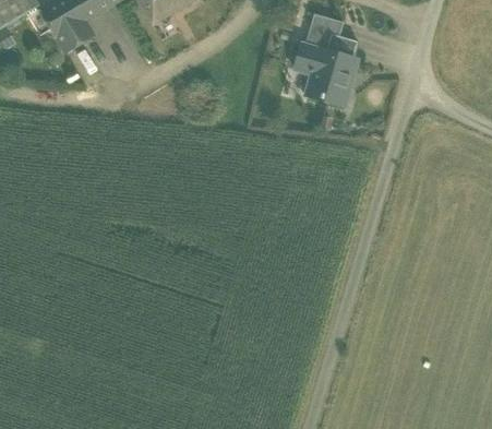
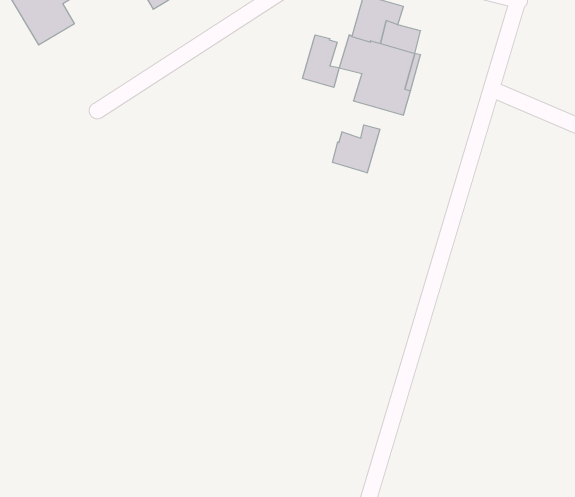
building: none -> [302,35,339,87]
building: none -> [332,125,380,173]

